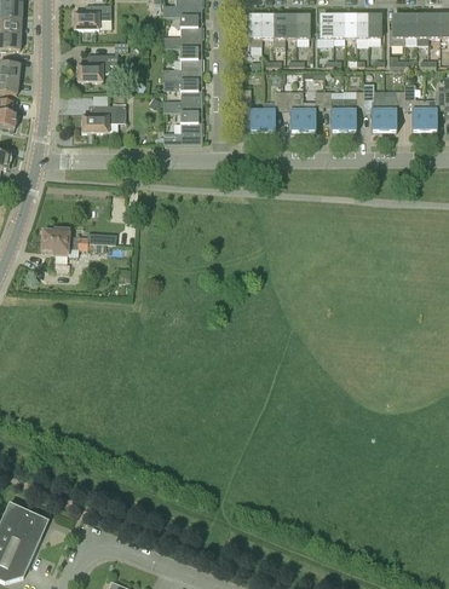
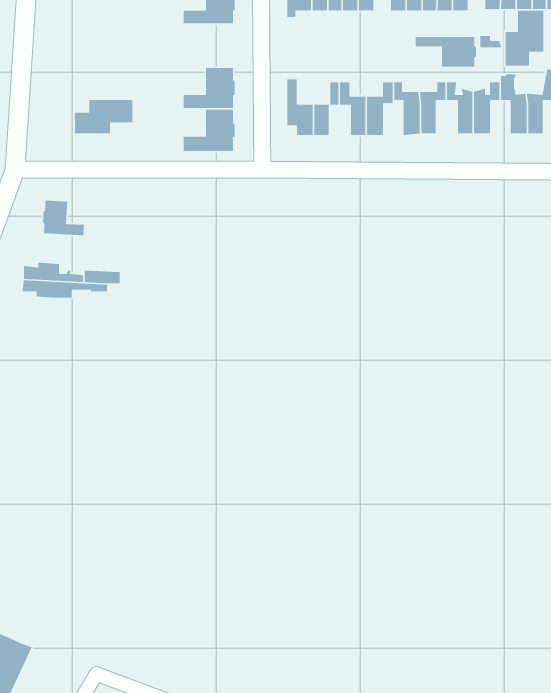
building: none -> [505,10,544,66]
building: [163,47,203,80] -> none
building: [77,53,117,80] -> none
building: none -> [415,36,477,68]
building: none -> [42,200,85,236]

